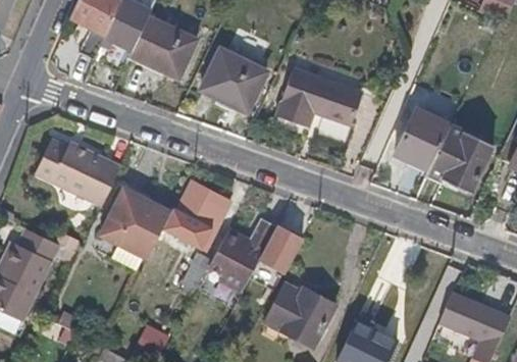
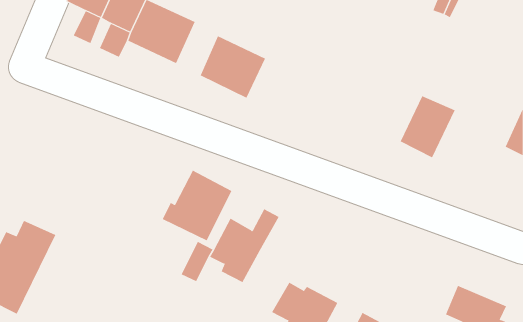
building: [276,66,363,125] -> none
building: [425,123,492,193] -> none
building: [36,139,120,205] -> none
building: [102,189,171,260] -> none
building: [259,227,303,273] -> none

